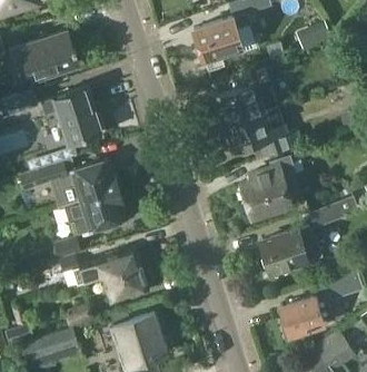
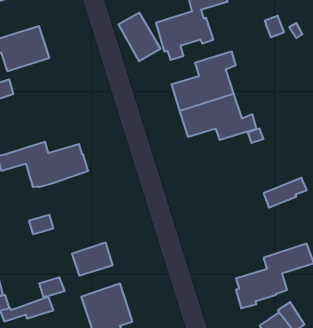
building: none -> [119,13,160,61]
building: [42,90,102,147] -> none
building: [240,161,296,218] -> none
building: [66,190,128,235] -> none
building: [259,227,323,274] -> none
building: [71,249,139,288] -> none

